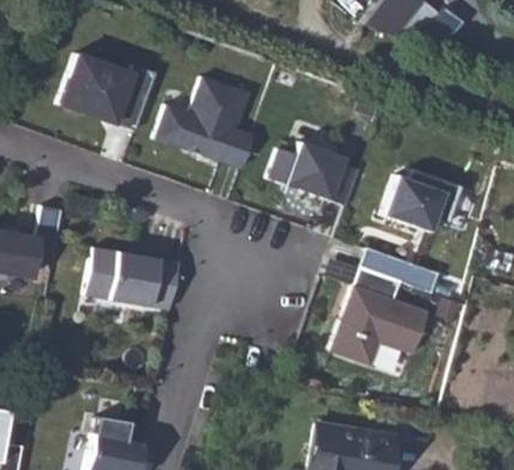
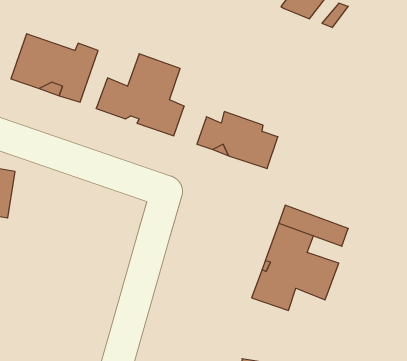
building: [381,168,460,232] -> none
building: [83,244,180,309] -> none

